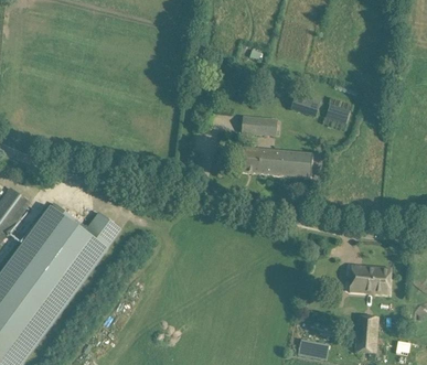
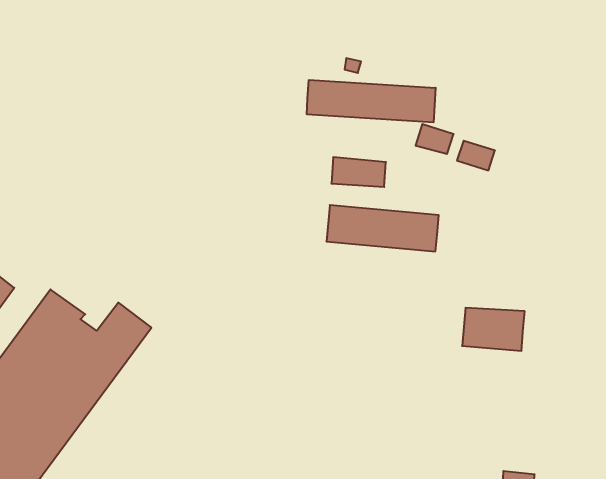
building: none -> [307,80,436,122]
building: [349,265,391,293] -> [462,308,525,351]

